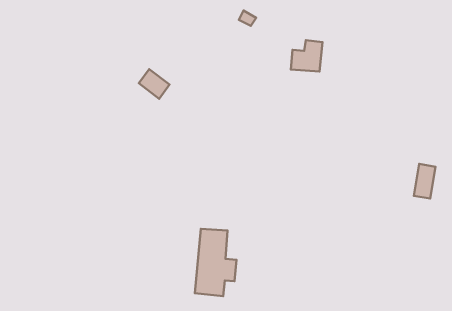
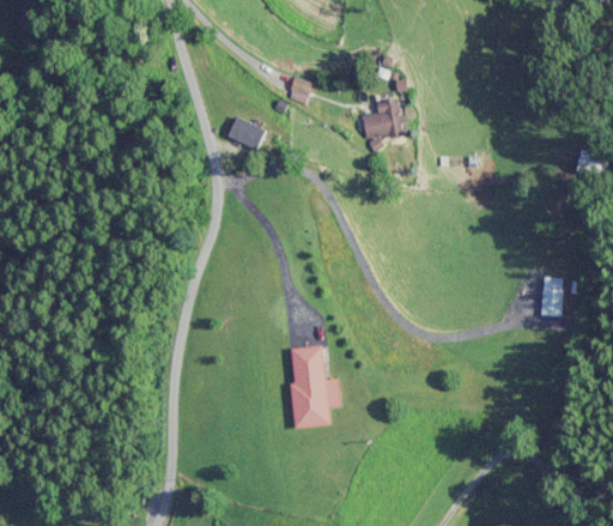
building: [139,69,169,99] -> [229,116,266,150]
building: [414,164,436,199] -> [542,278,563,318]

